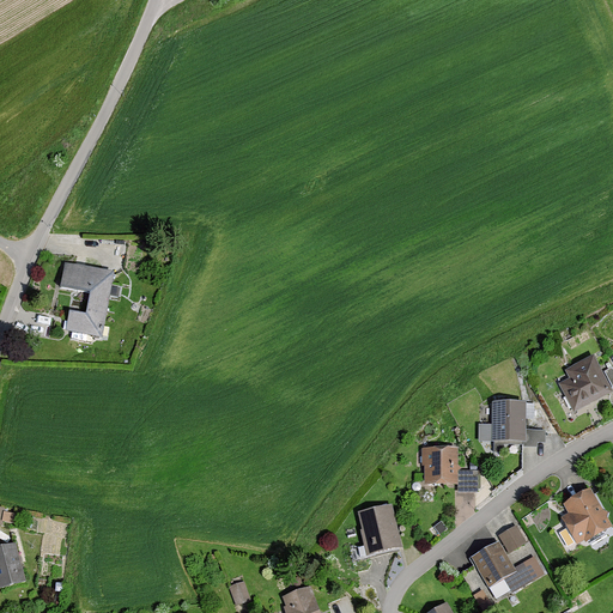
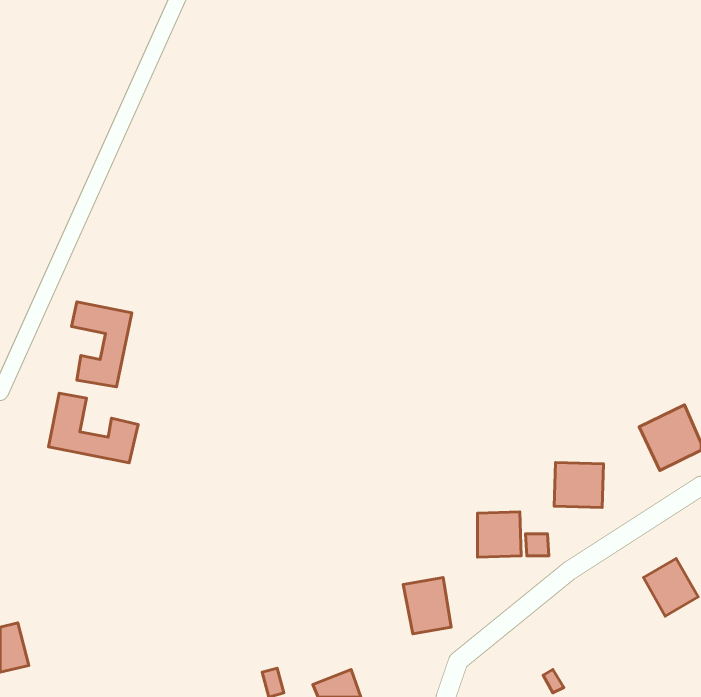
building: none -> [49,393,138,463]
building: [466,528,541,593] -> none

